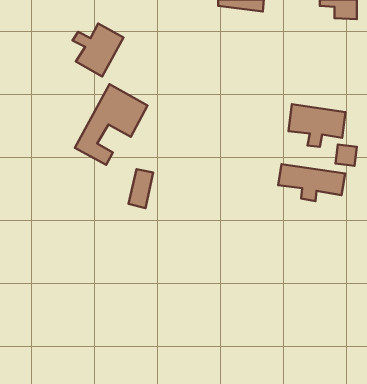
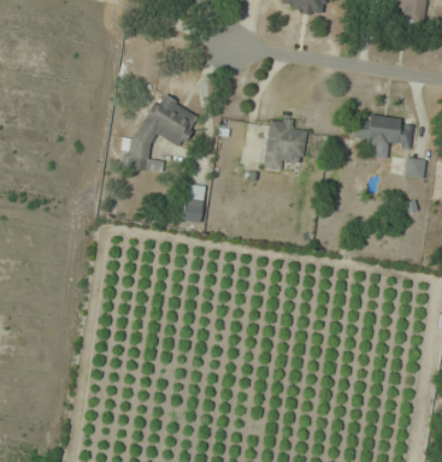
building: [73,23,123,76] -> none
building: none -> [261,117,306,171]
building: [278,164,345,201] -> none

